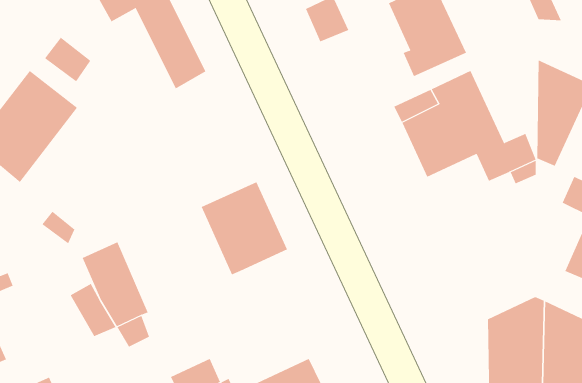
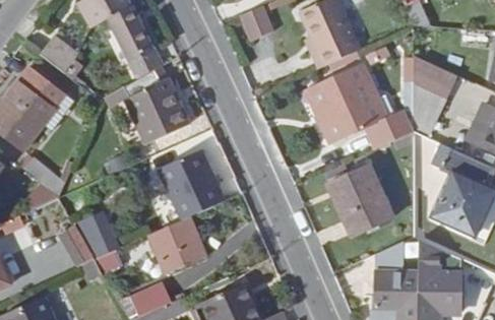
building: none -> [105,65,194,154]
building: none -> [329,166,393,236]
building: none -> [148,216,207,273]

